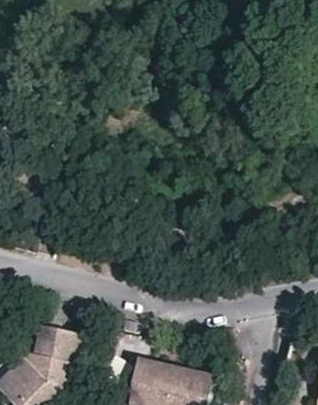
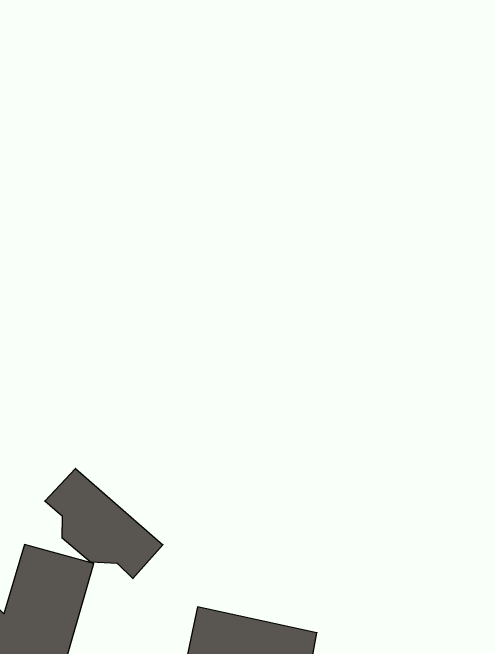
building: none -> [45,468,163,579]

